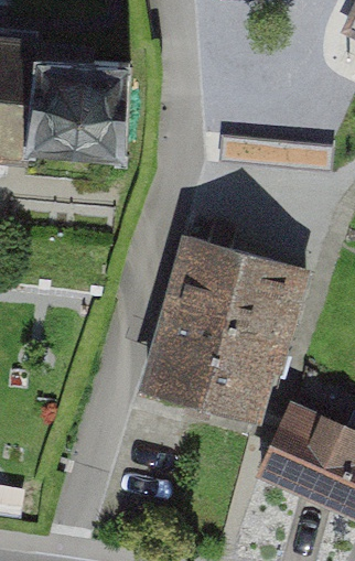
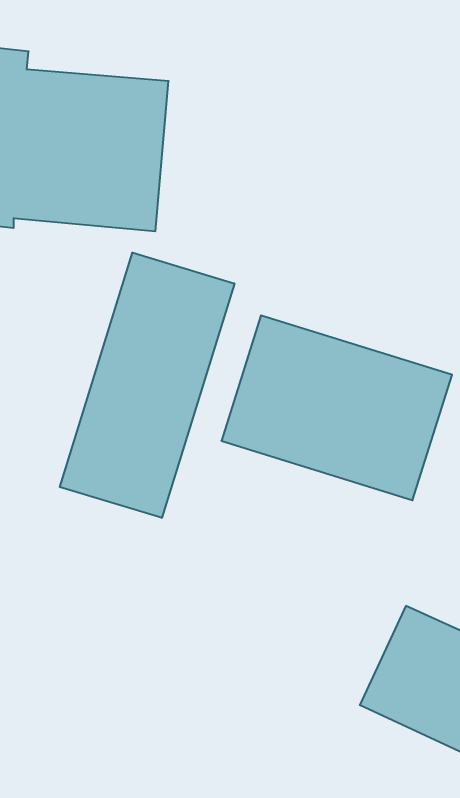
building: none -> [60,253,234,518]
building: [138,301,292,424] -> none

